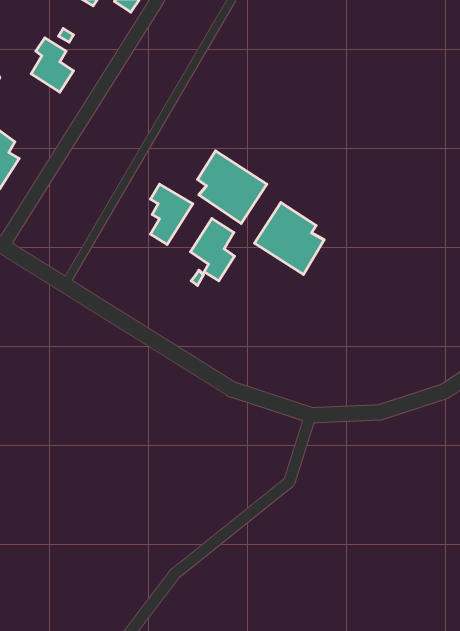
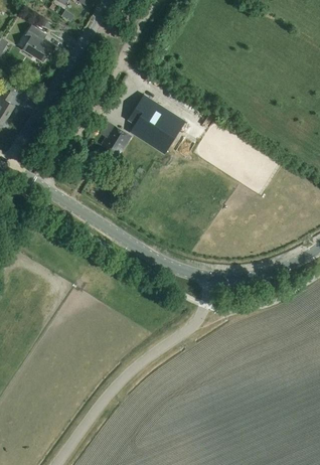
building: [255,202,324,275] -> none
building: [190,218,235,281] -> none

